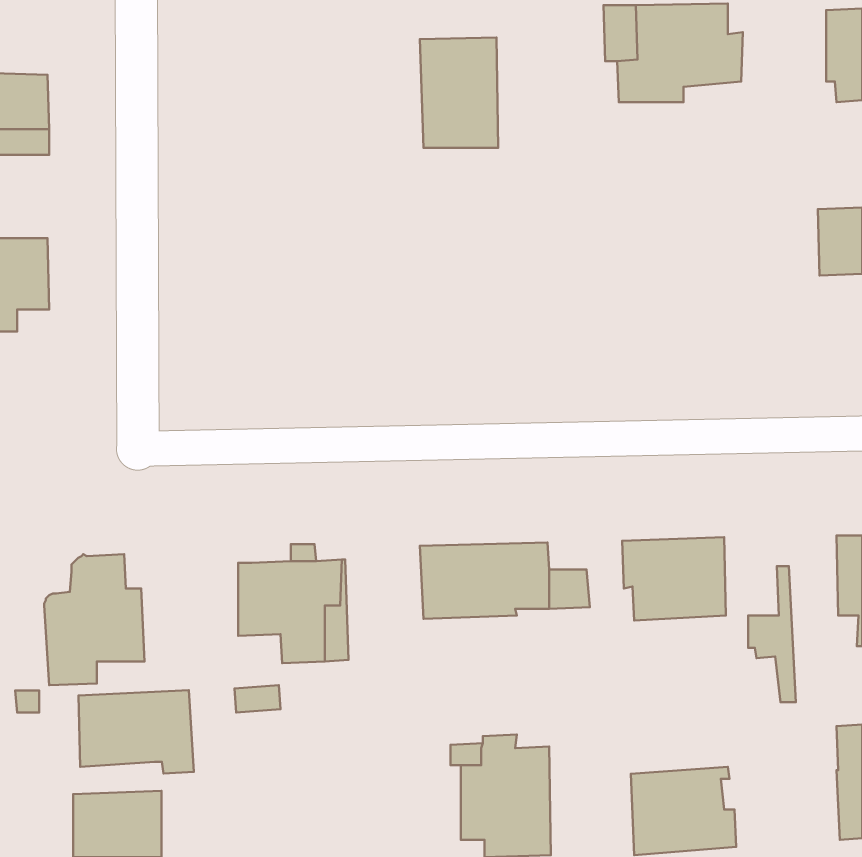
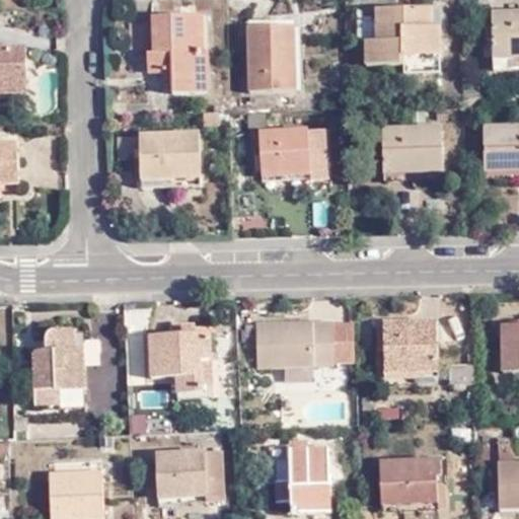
building: none -> [133,15,213,90]
building: none -> [384,125,446,166]
building: none -> [264,130,331,175]
building: none -> [144,134,203,177]
building: [78,690,194,774] -> [151,452,220,502]

